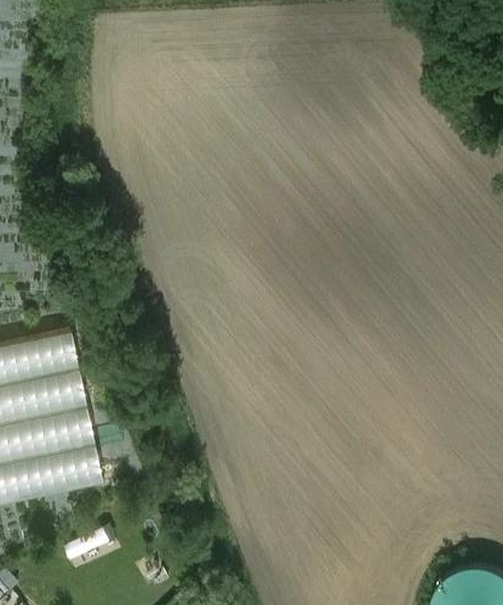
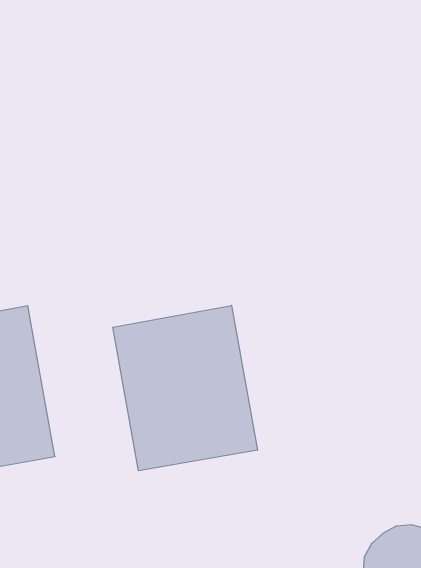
building: none -> [113,305,257,471]

